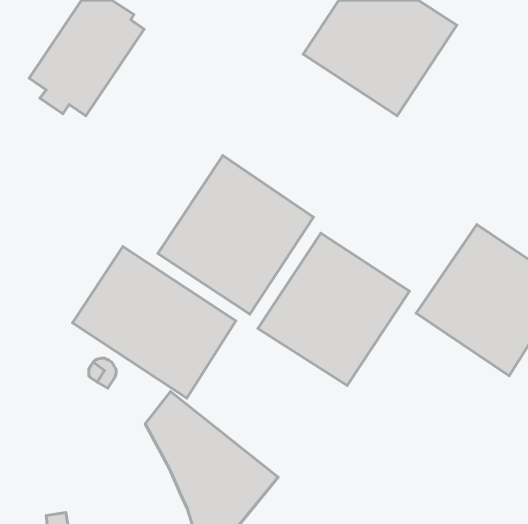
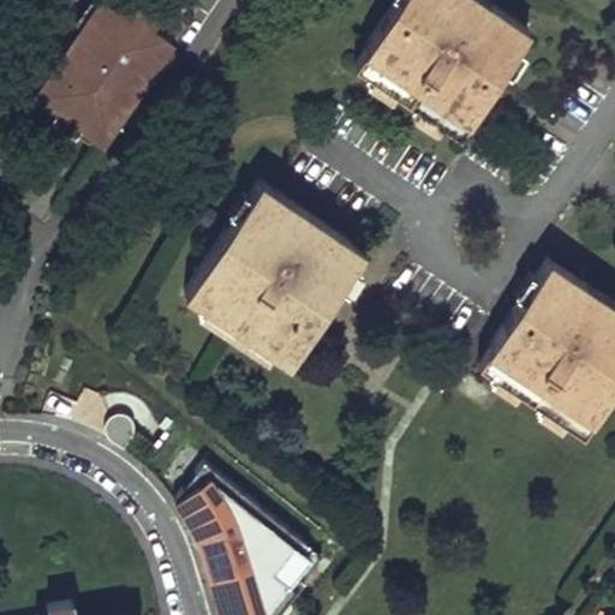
building: [258,233,409,385] -> none
building: [72,246,236,398] -> none

